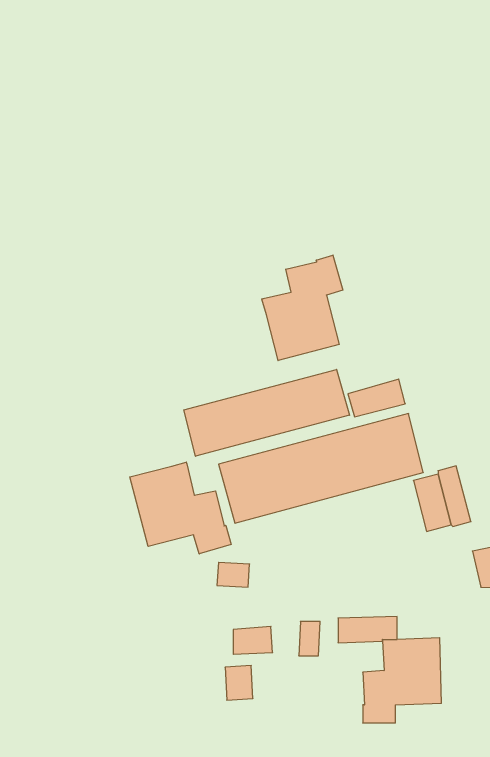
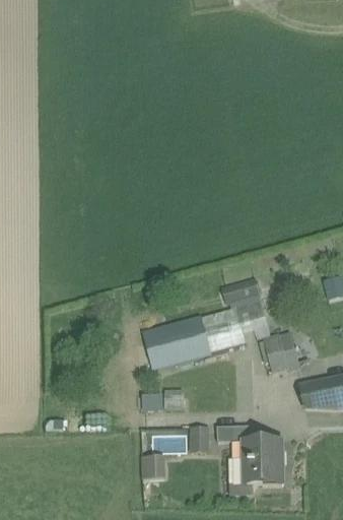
building: [262,255,343,361] -> none
building: [184,369,350,456] -> none
building: [130,462,231,554] -> none

